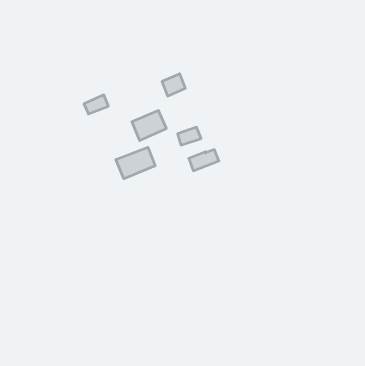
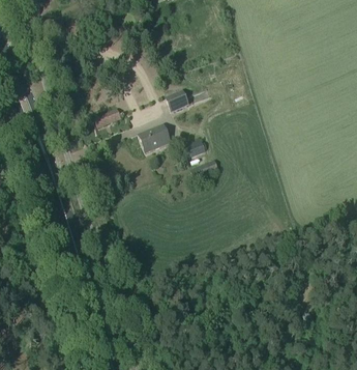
building: [116,147,155,179] -> none

